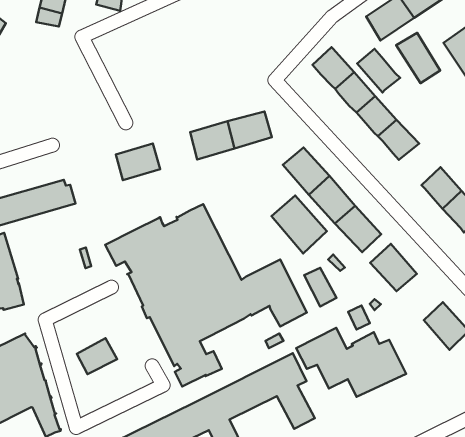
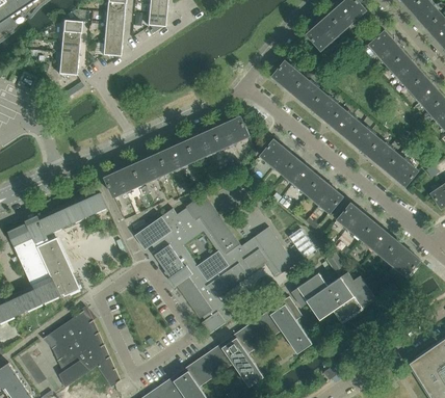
building: [396,33,440,83] -> none
building: [357,49,400,92] -> none
building: none -> [159,140,194,171]
building: none -> [347,124,379,155]
building: none -> [105,165,140,196]
building: [271,196,327,254] -> none
building: none -> [360,222,396,257]
building: [77,338,117,374] -> none

